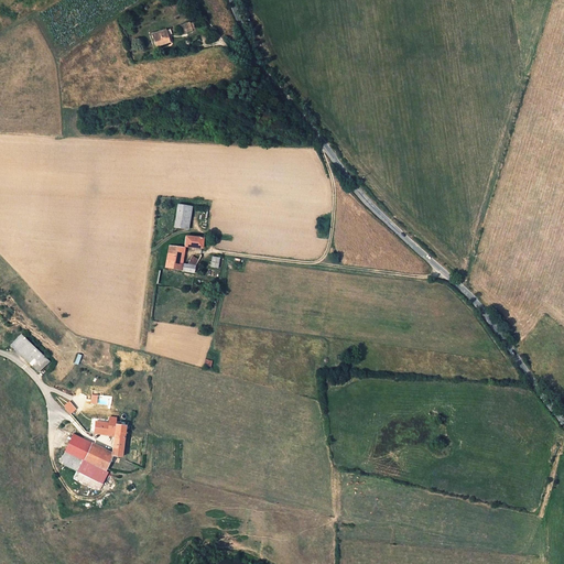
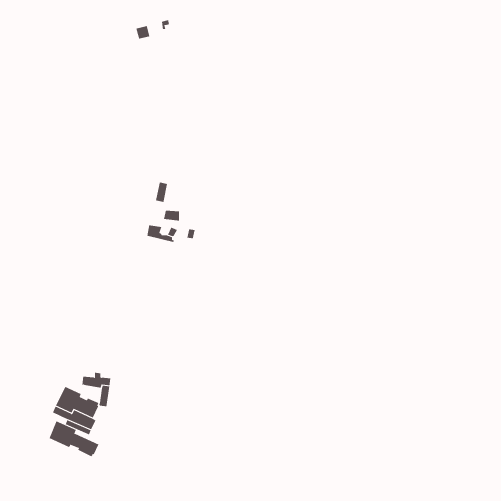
building: [12,334,51,371] -> none
building: none -> [49,420,99,457]

